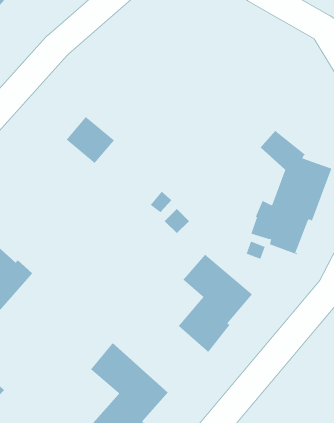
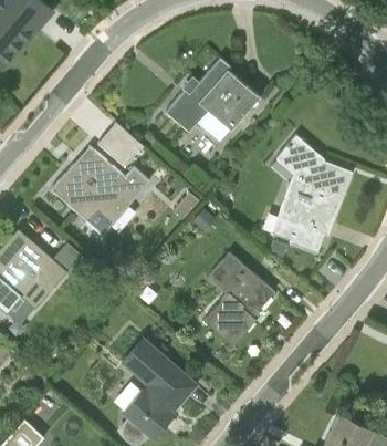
building: none -> [166,58,260,142]
building: none -> [51,146,148,224]

